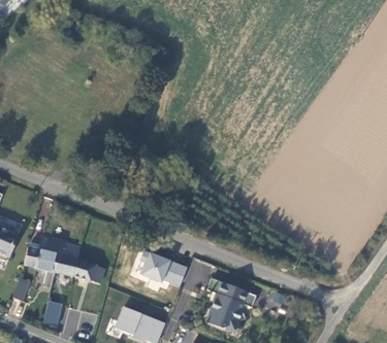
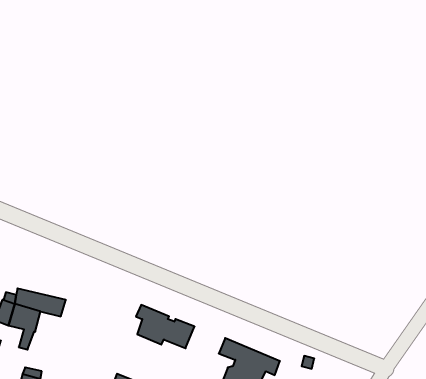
building: [58,255,107,288] -> none

